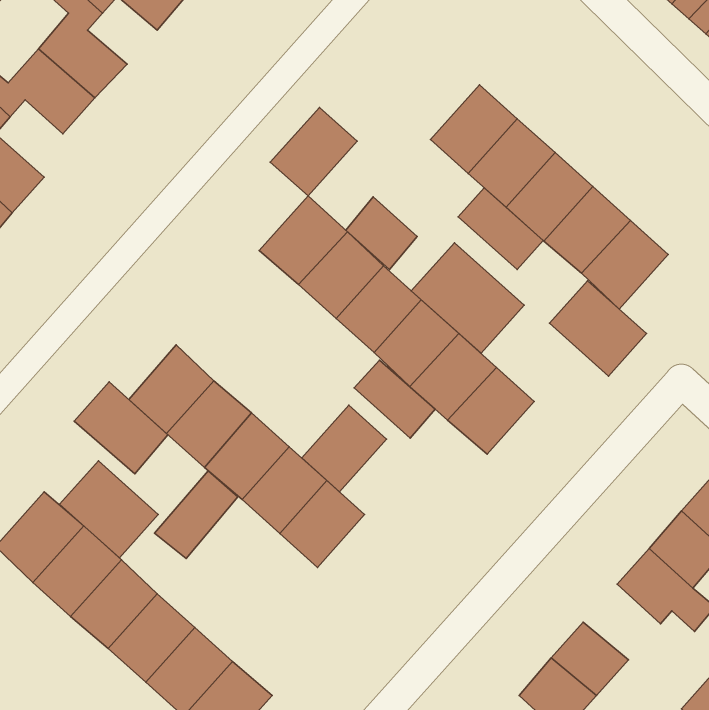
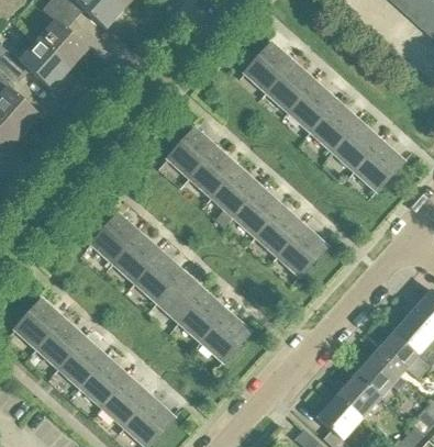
building: [270,107,357,196] -> [244,41,294,92]
building: [458,188,543,270] -> none
building: [346,197,417,270] -> none
building: [411,243,524,353] -> none
building: [550,281,646,376] -> none
building: [354,360,435,438] -> none
building: [74,382,168,474] -> none
building: [302,405,387,492] -> [200,311,249,361]
building: [60,461,158,558] -> none
building: [155,471,238,558] -> none
building: none -> [355,351,407,395]

